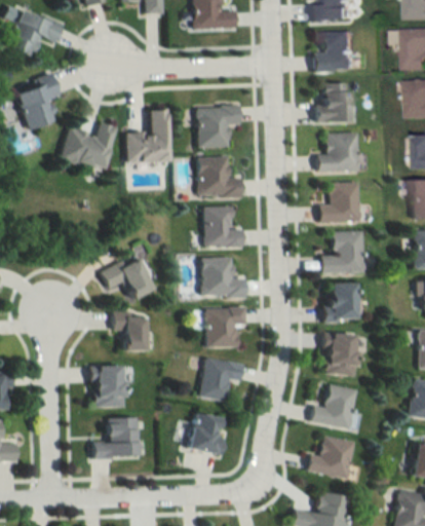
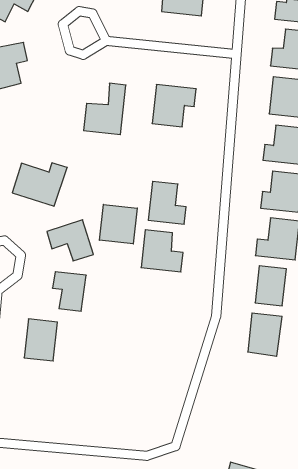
building: [62,123,116,168] -> [12,163,67,206]
building: [199,156,242,196] -> none
building: none -> [99,204,137,244]
building: [208,307,247,347] -> none
building: [200,358,244,402] -> none
building: [311,384,358,429] -> none
building: [187,413,225,454] -> none
building: [93,417,138,458] -> none
building: [308,436,355,478] -> none

